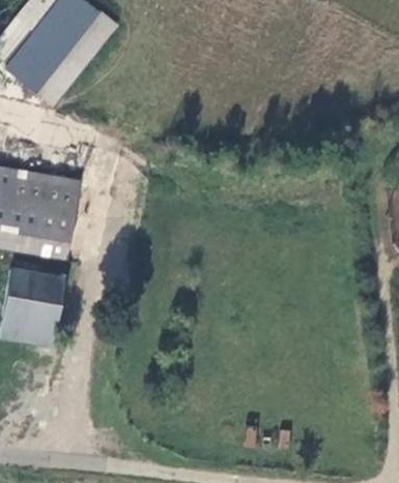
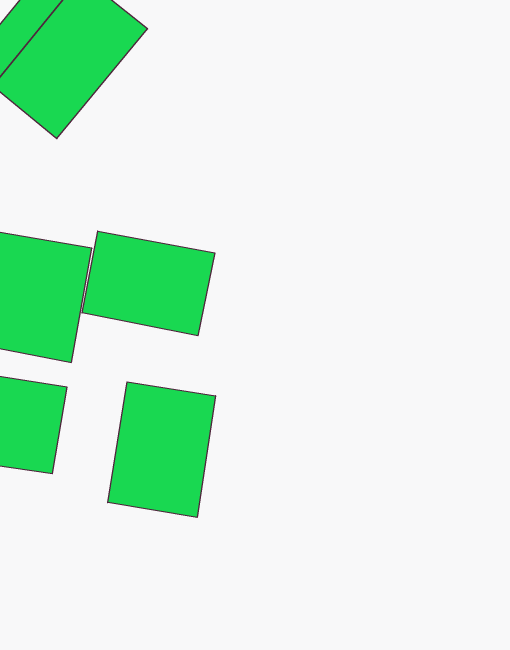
building: none -> [82,231,215,336]
building: none -> [108,382,215,517]

